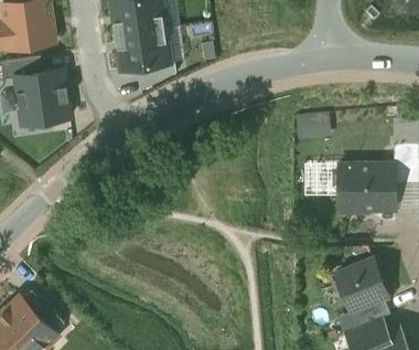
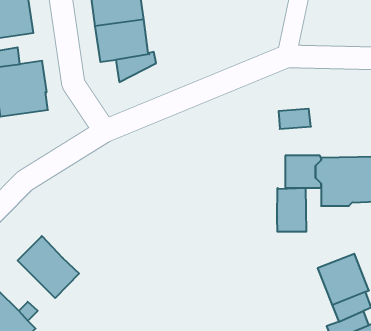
building: none -> [277,188,306,232]
building: none -> [18,236,79,298]

